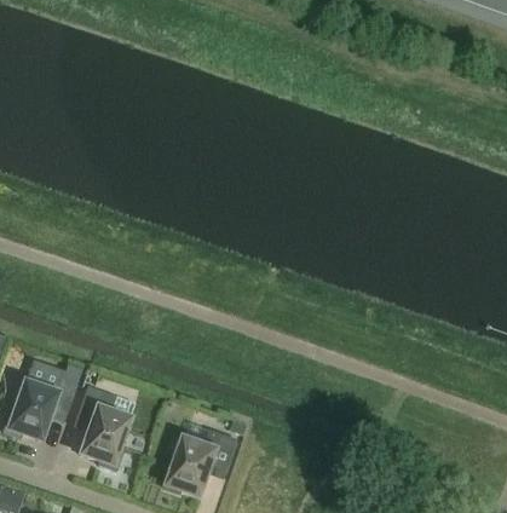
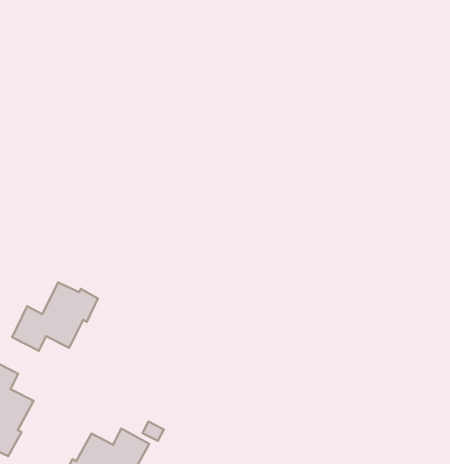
building: none -> [12,282,98,351]

